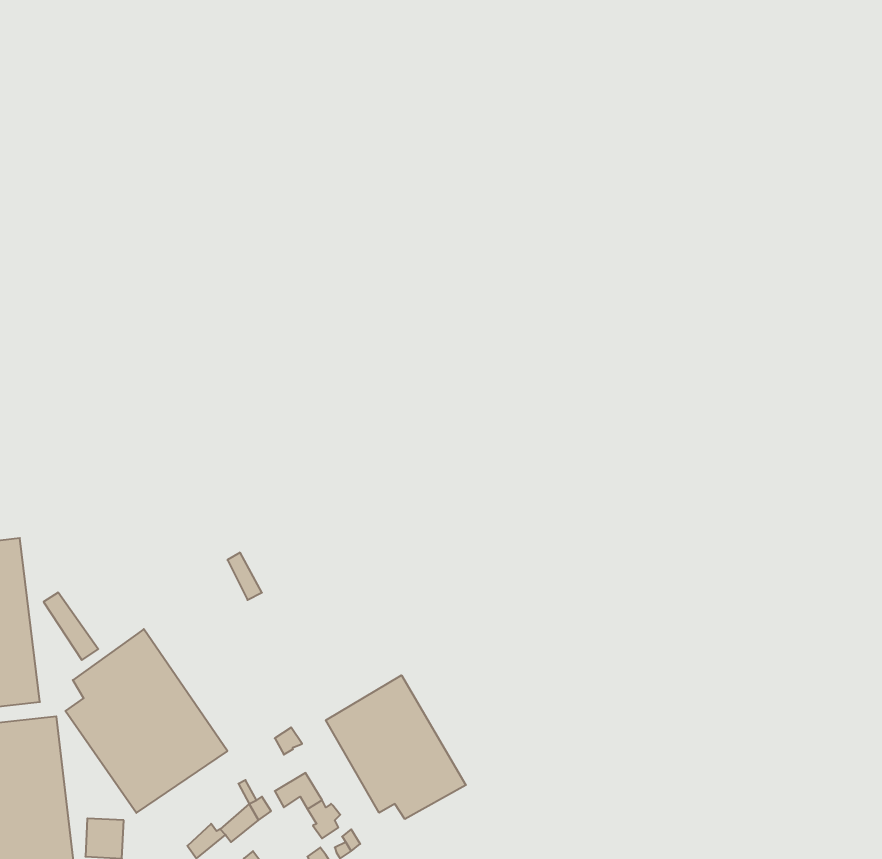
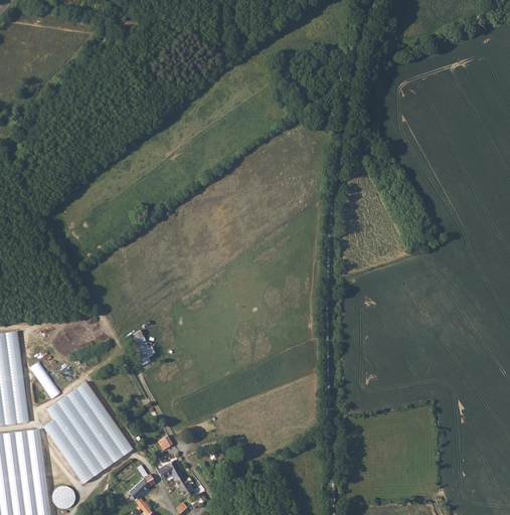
building: [326,675,466,819] -> none

